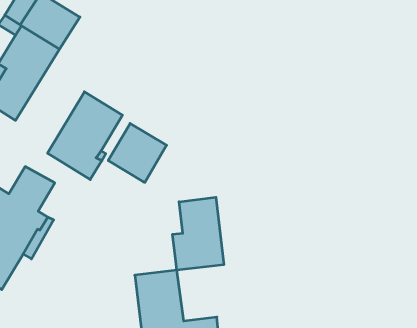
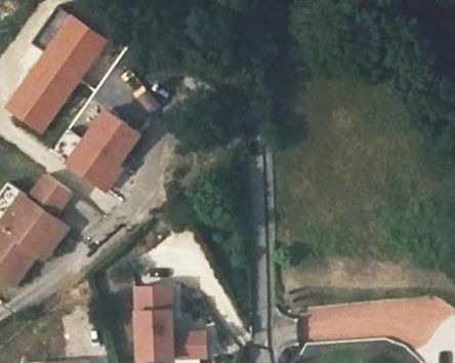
building: [108,123,167,182] -> none
building: [173,197,224,270] -> none

